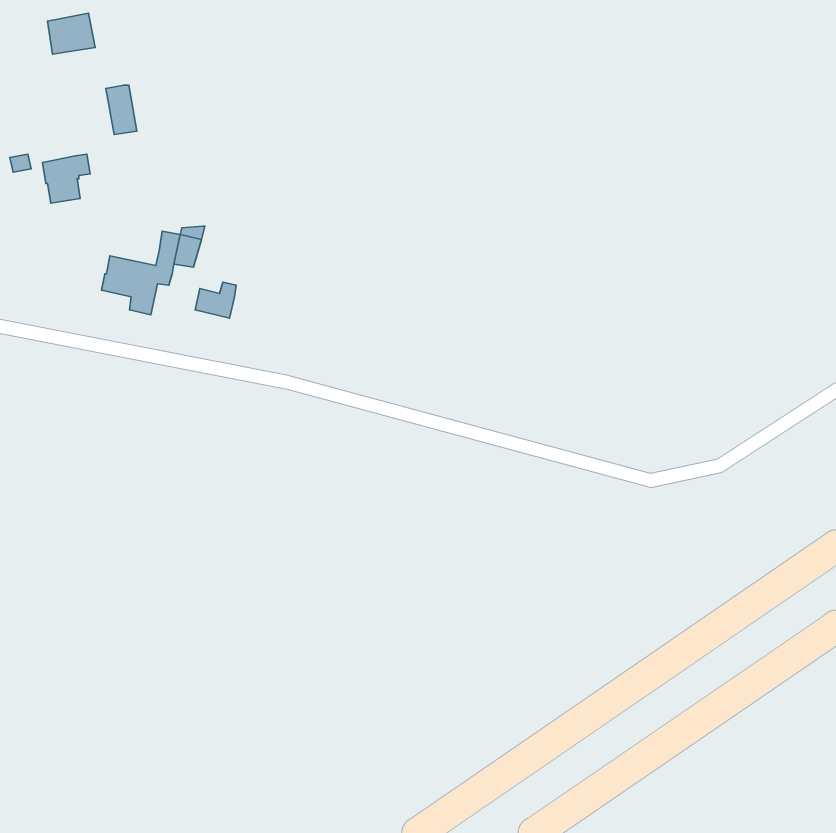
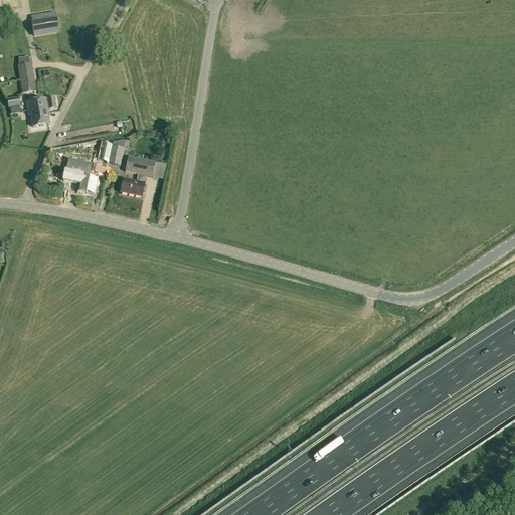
building: [106,85,137,135] -> [16,61,35,92]
building: none -> [124,154,166,177]

